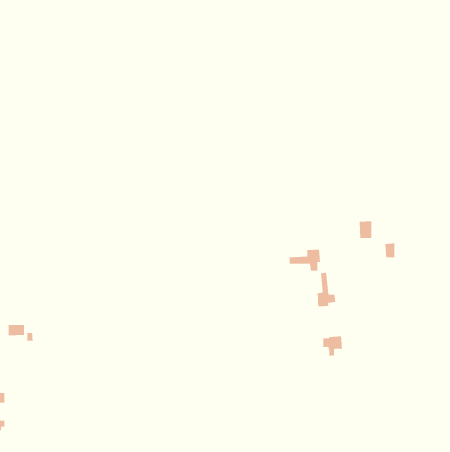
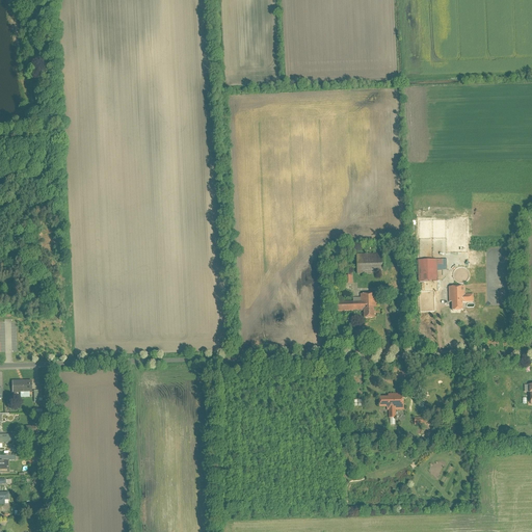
building: none -> [355,254,381,272]
building: [317,272,336,307] -> none

